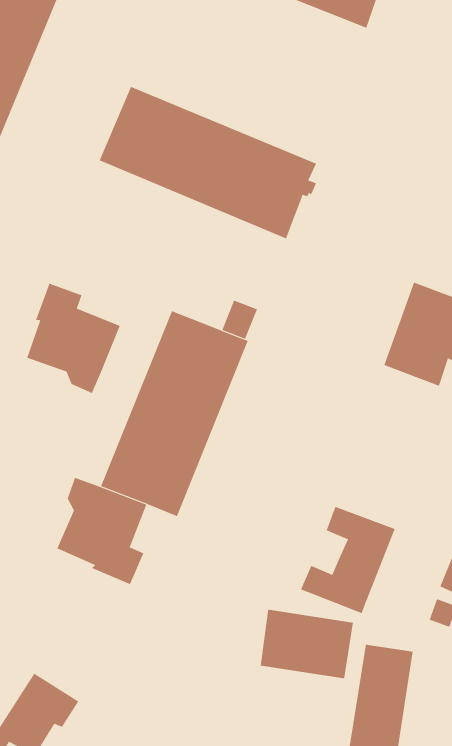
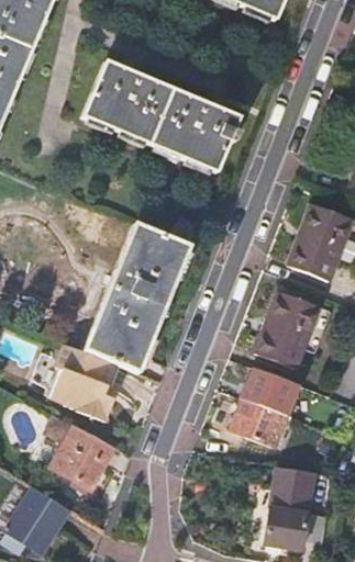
building: [26,283,121,394] -> none
building: none -> [252,290,318,367]
building: none -> [51,426,112,490]
building: [260,609,353,679] -> none

